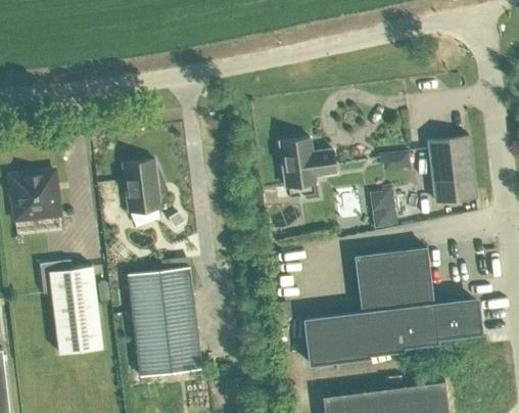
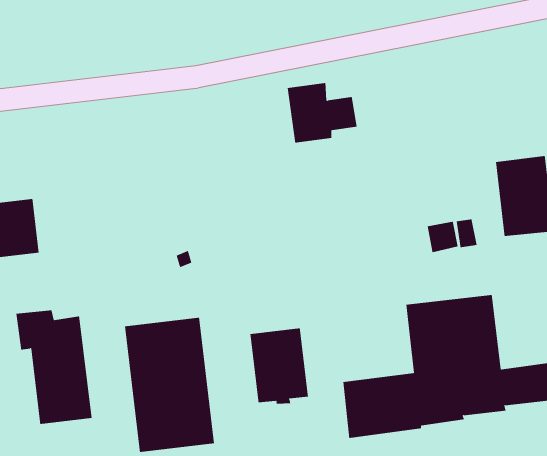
building: [279,139,336,188] -> [287,83,358,143]
building: [123,162,160,214] -> none
building: none -> [250,327,308,405]

